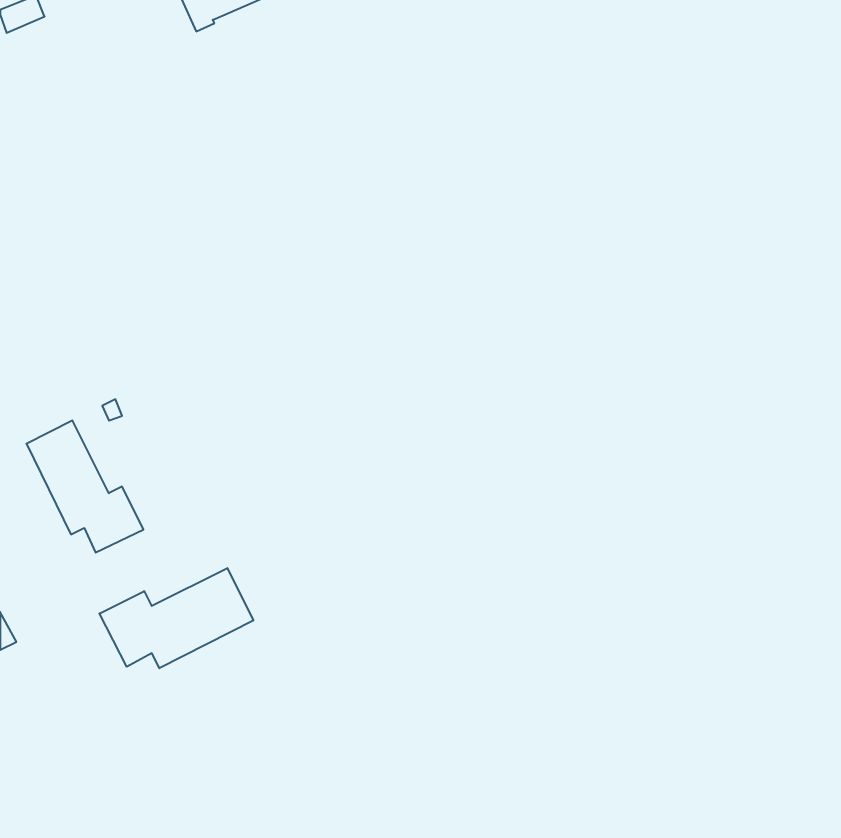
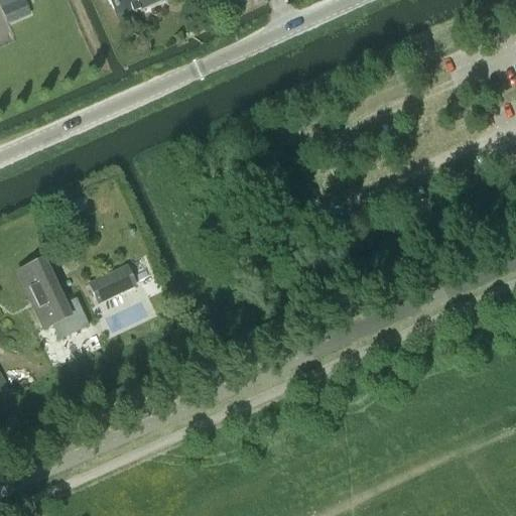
building: none -> [89,263,135,300]
building: [99,568,253,668] -> none

